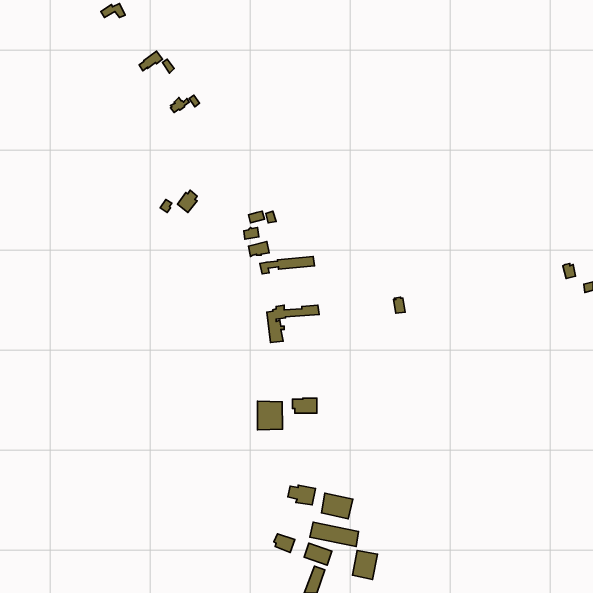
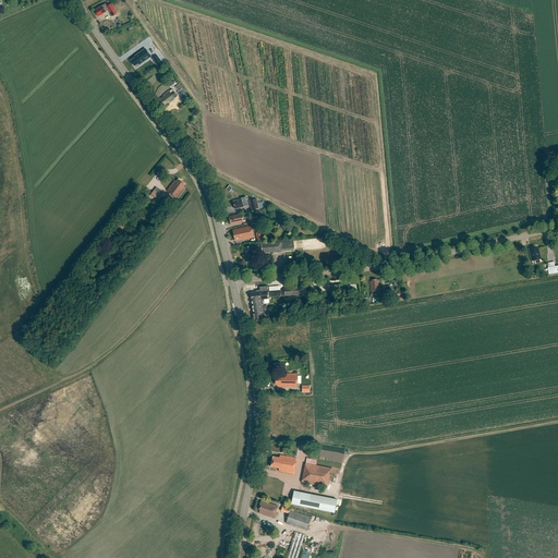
building: [257,401,283,430] -> none
building: [353,550,377,580] -> none

